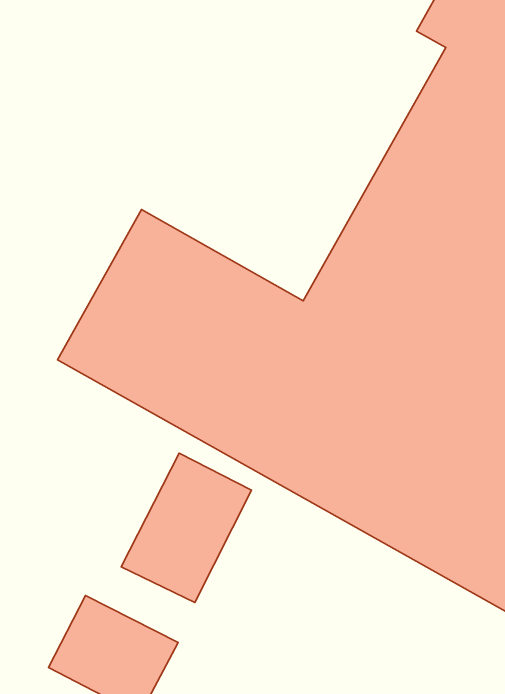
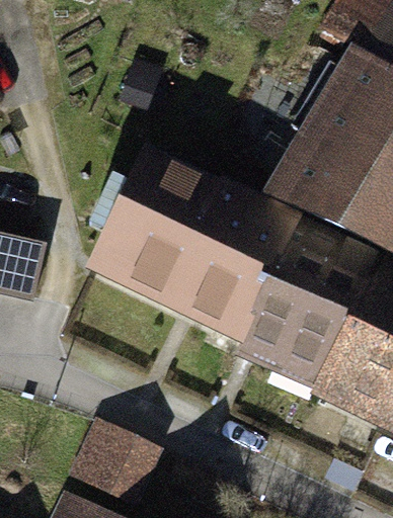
building: [121,453,251,603] -> none

